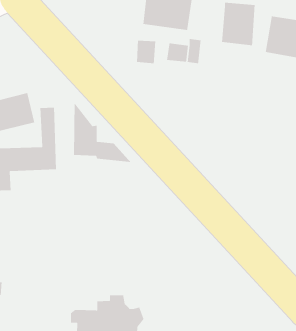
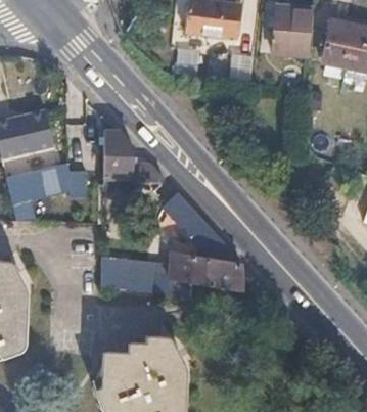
building: none -> [105,194,242,297]

